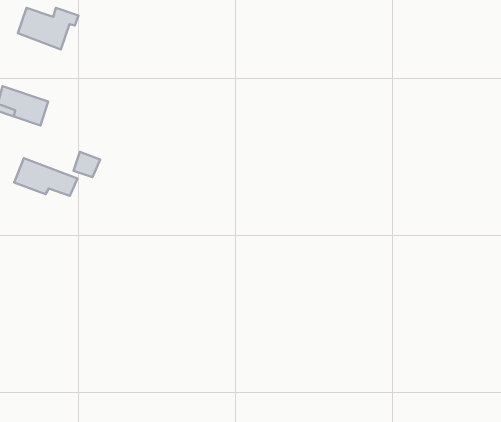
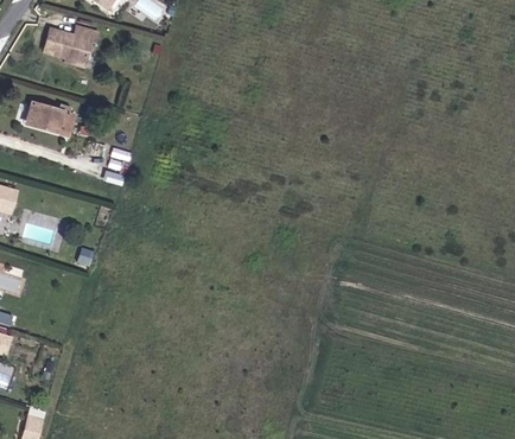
building: [14,158,77,196] -> none

